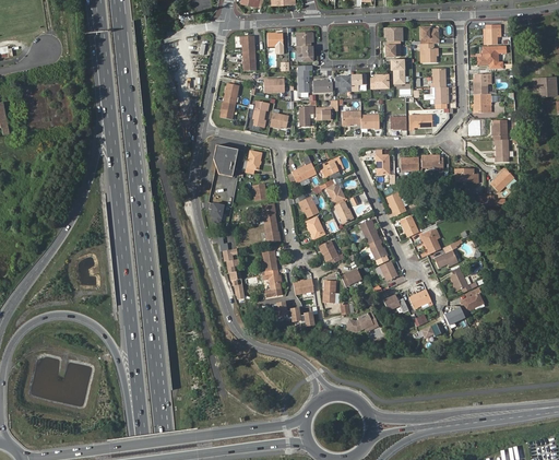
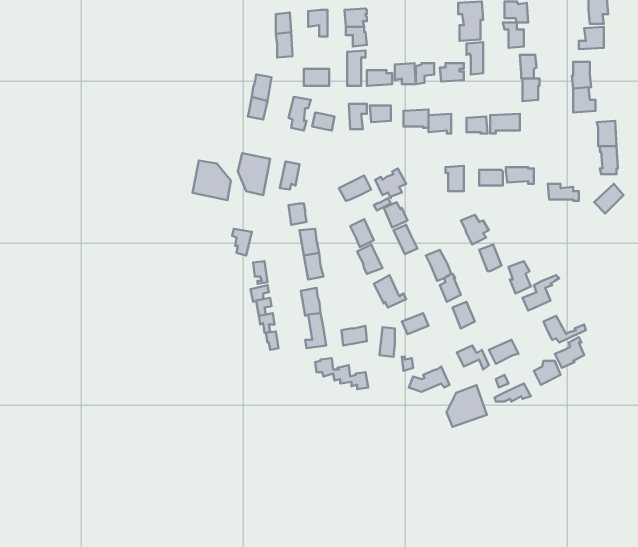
building: none -> [193,161,231,200]
building: none -> [447,385,487,427]

